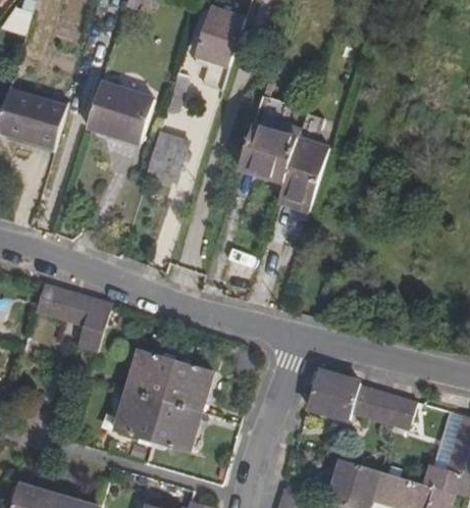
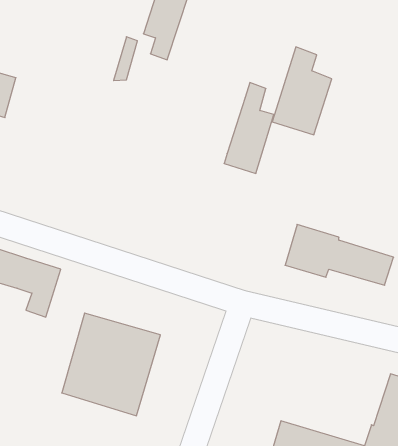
building: [85,84,153,144] -> none
building: [239,96,300,186] -> [272,47,332,135]
building: [148,134,186,175] -> none
building: [305,368,416,430] -> [285,224,394,285]

